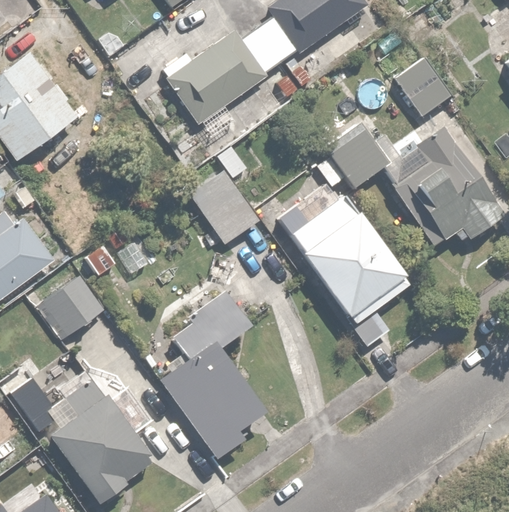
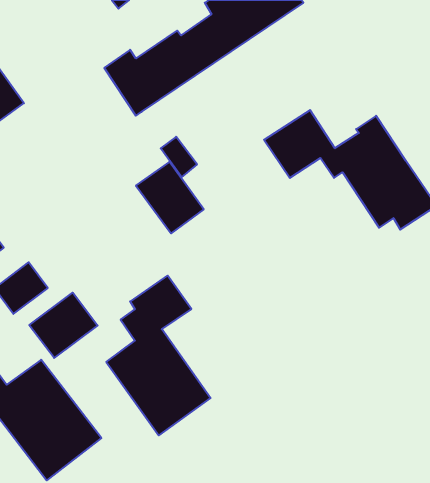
building: [394,57,451,116] -> none
building: [288,194,408,321] -> none
building: none -> [29,293,98,358]

